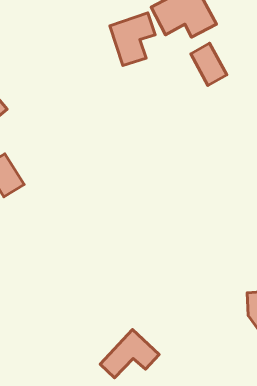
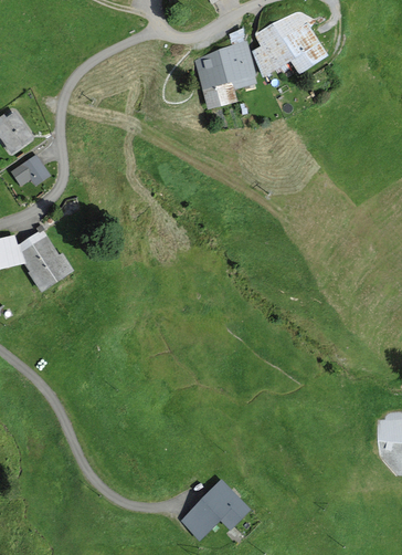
building: [191,43,227,86] -> none

